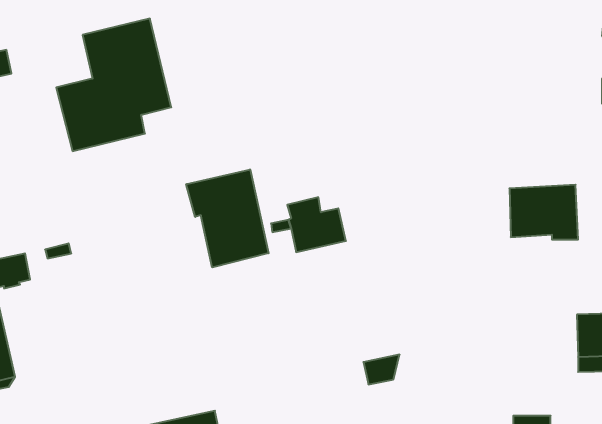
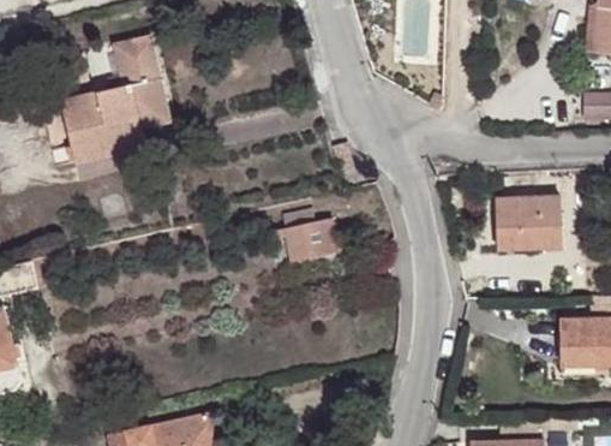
building: [186,169,269,267] -> none

